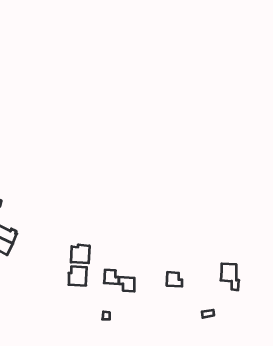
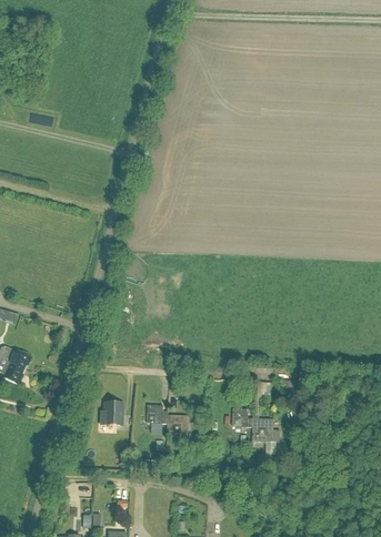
building: [71,245,89,263] -> none
building: [221,264,239,290] -> [251,418,275,454]

